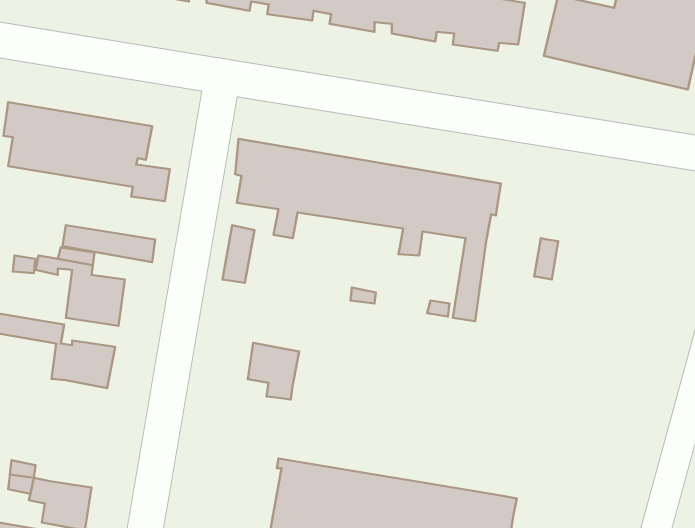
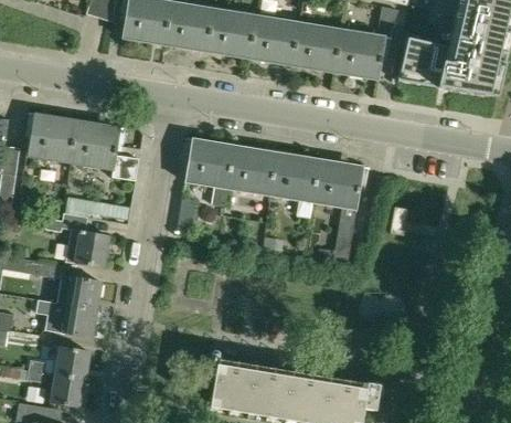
building: [248,343,299,400] -> none
building: none -> [36,299,96,337]
building: none -> [56,346,89,378]

